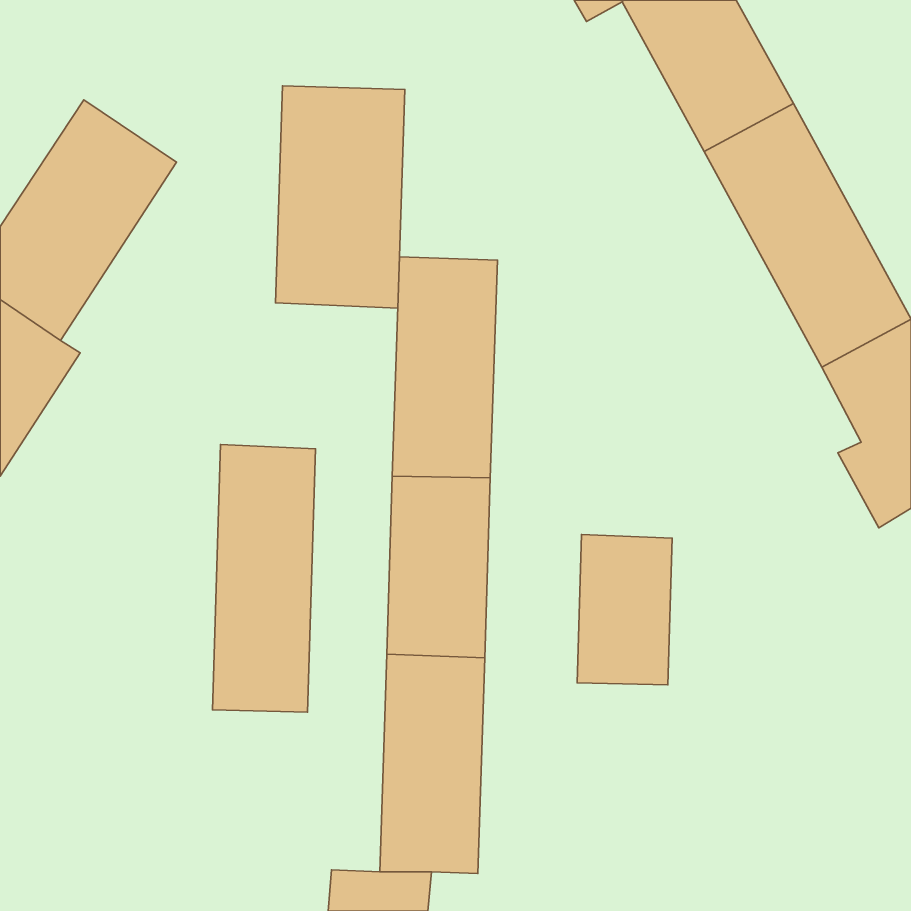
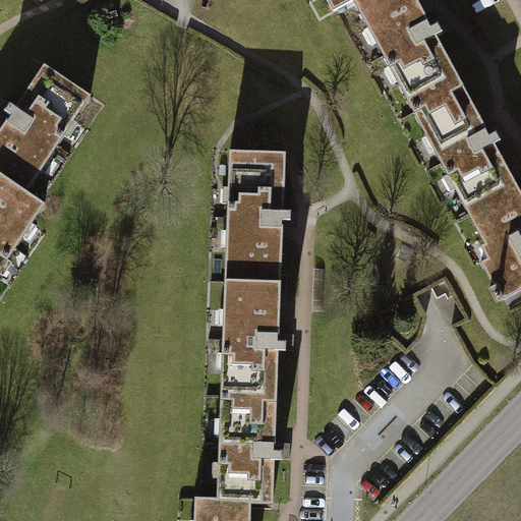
building: [276,86,405,308] -> none
building: [213,444,315,712] -> none
building: [577,535,672,685] -> none

